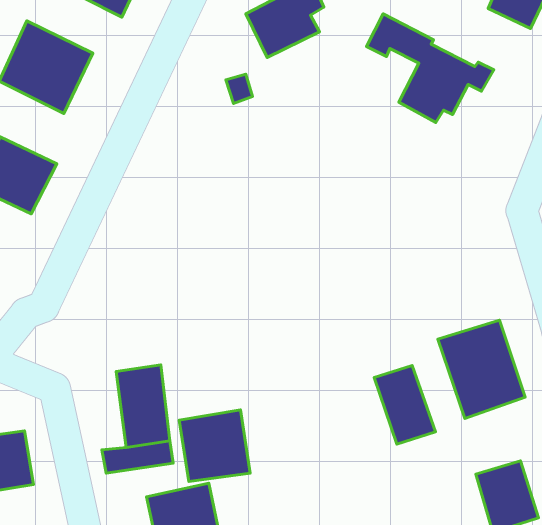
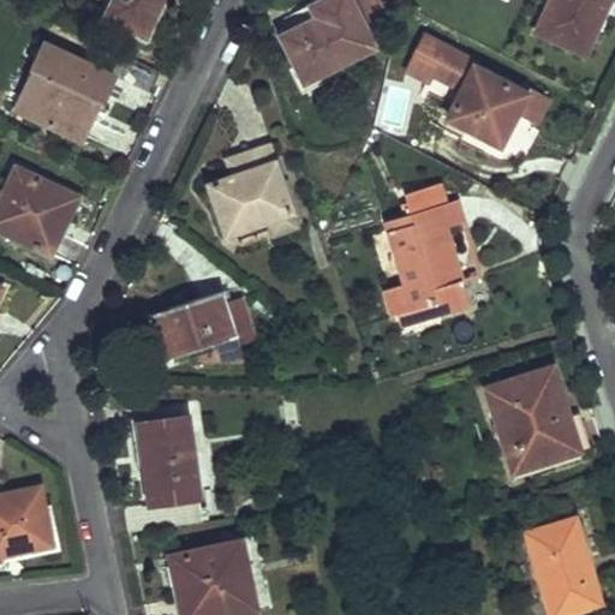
building: none -> [211,145,294,231]
building: none -> [387,202,470,326]
building: none -> [149,292,253,366]
building: [374,366,436,444] -> none
building: [179,410,250,482] -> none

